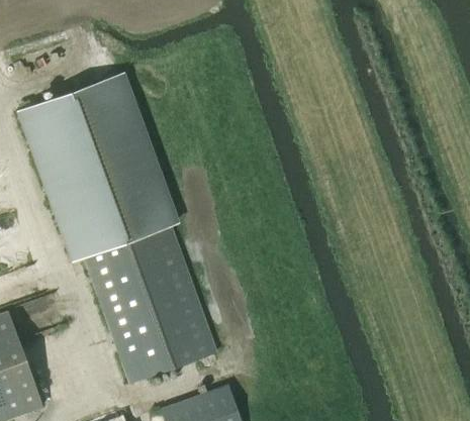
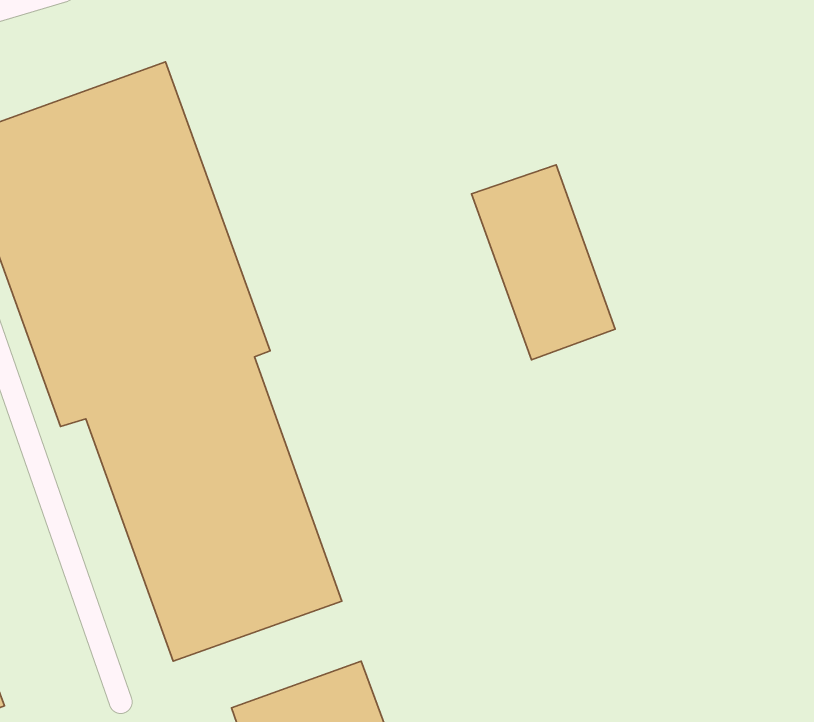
building: none -> [471,165,615,360]

